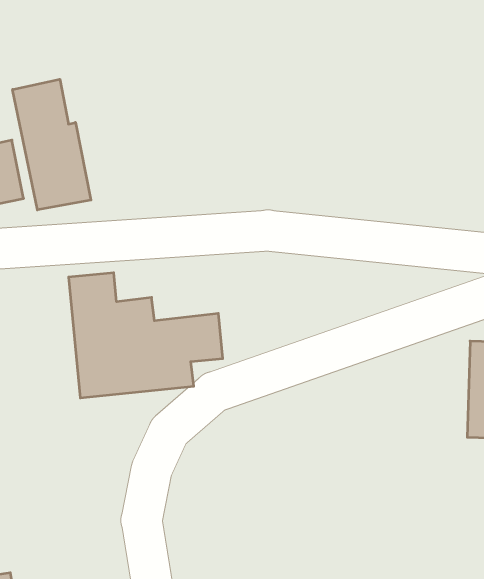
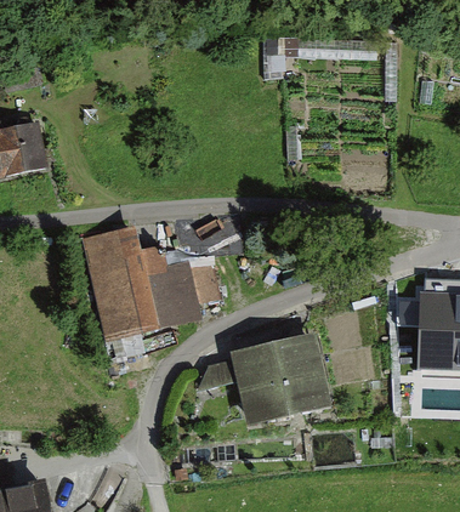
building: [13,79,91,210] -> none
building: none -> [231,334,333,429]

